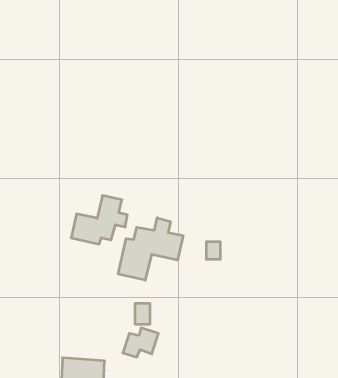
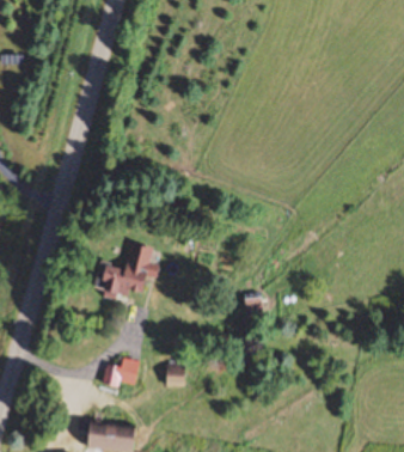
building: [118,218,183,280] -> none
building: [123,328,158,357] -> [103,356,142,389]

